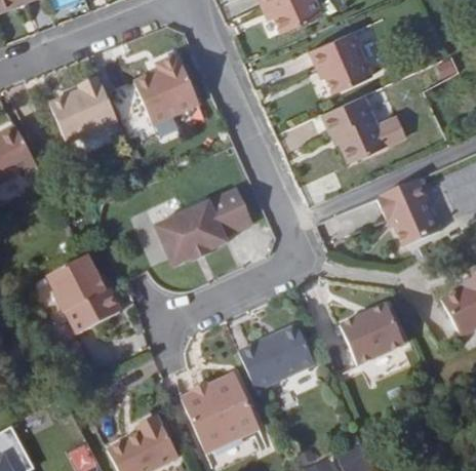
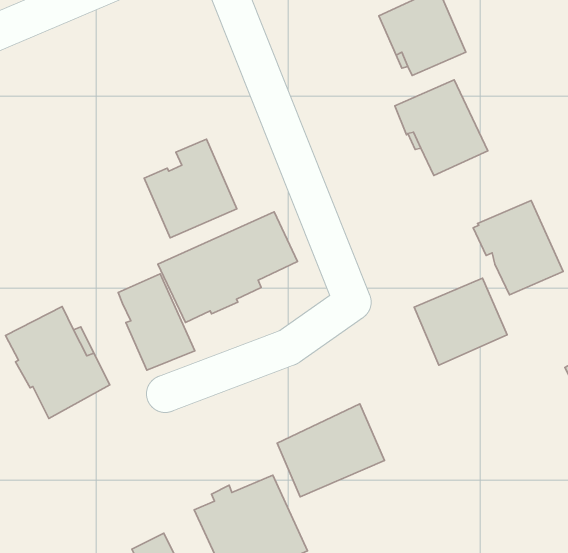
building: [134,53,200,123] -> [144,139,237,238]
building: [49,78,118,142] -> none
building: none -> [118,274,195,370]
building: [340,304,405,365] -> [414,278,507,365]

